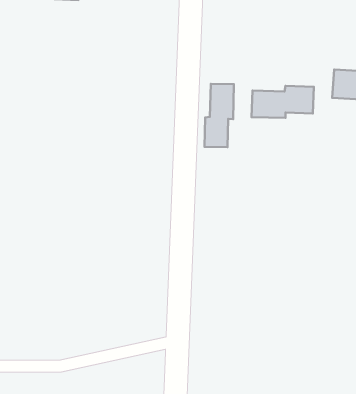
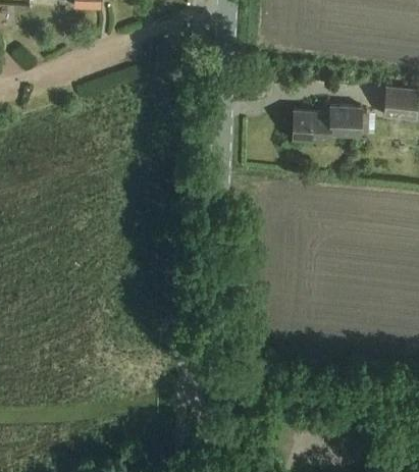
building: [205,84,234,147] -> none

